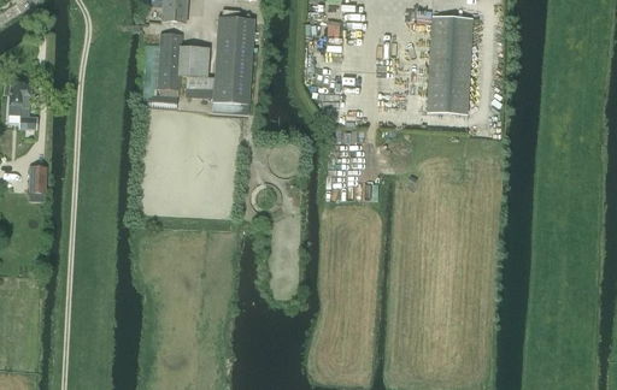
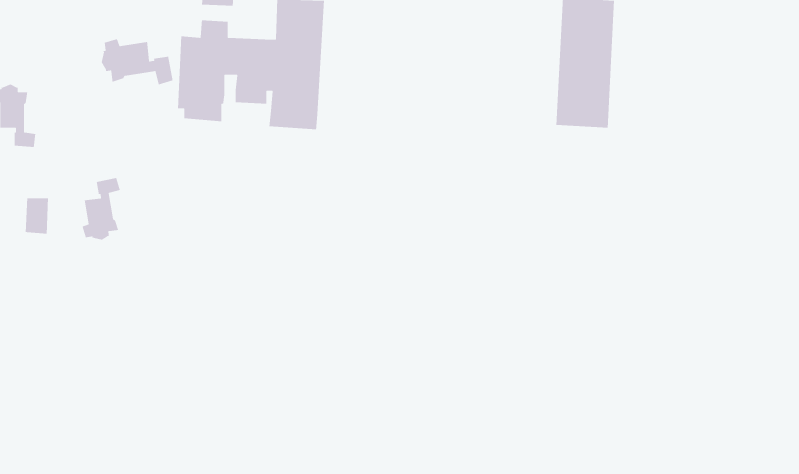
building: none -> [101,38,173,85]
building: none -> [81,177,121,240]

